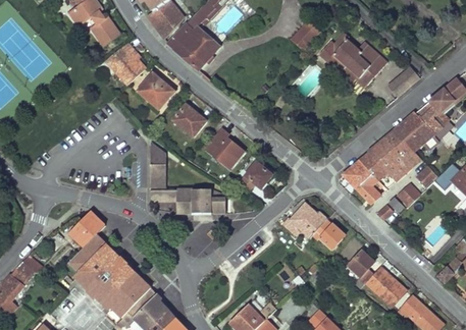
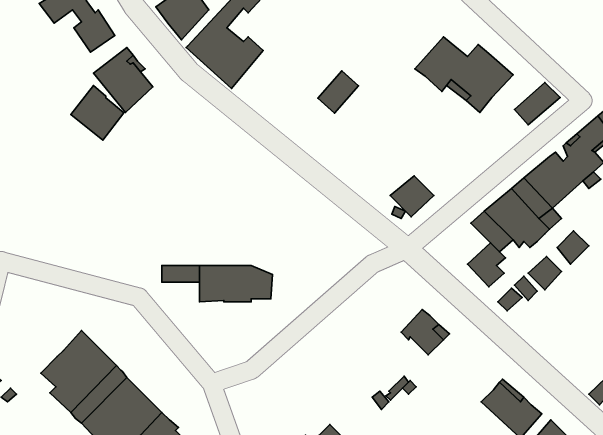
building: [292,18,319,47] -> [318,71,359,113]
building: [137,72,172,109] -> [71,86,124,140]
building: [171,104,206,136] -> none
building: [205,128,243,168] -> none
building: [150,144,165,189] -> none
building: [342,161,371,188] -> [390,176,434,217]
building: [240,162,271,189] -> none
building: [280,203,325,237] -> none
building: [69,211,105,246] -> none
building: [348,251,373,287] -> none

